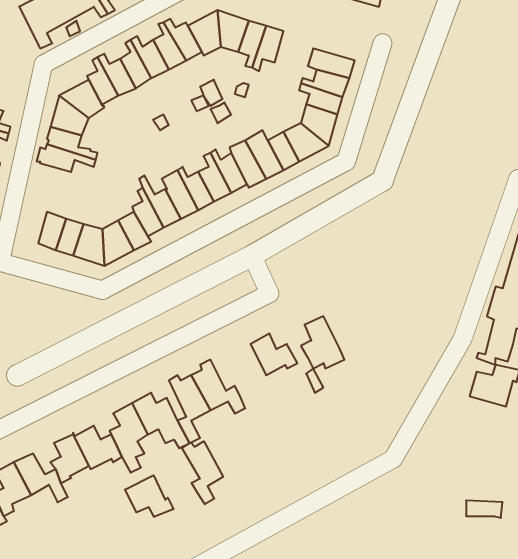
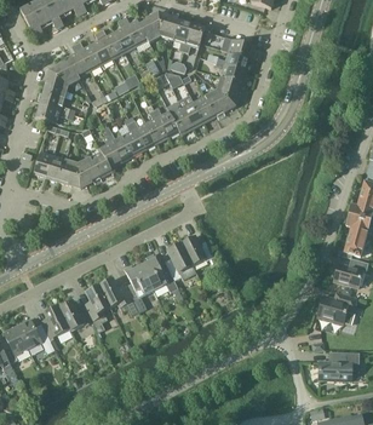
building: [301,316,344,368] -> [166,242,196,278]
building: none -> [319,291,358,323]
building: [182,441,223,504] -> none
building: [125,475,173,517] -> none
building: none -> [320,361,351,380]

